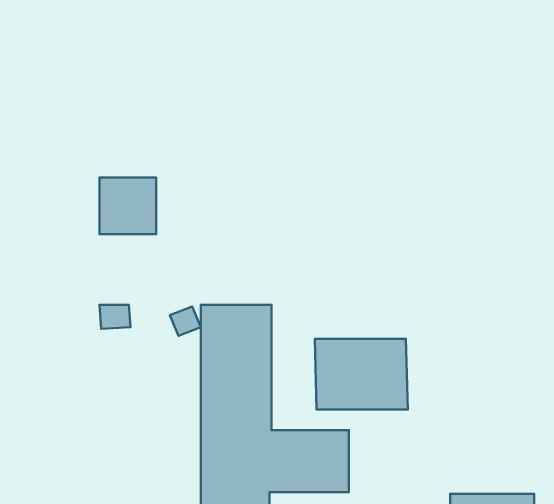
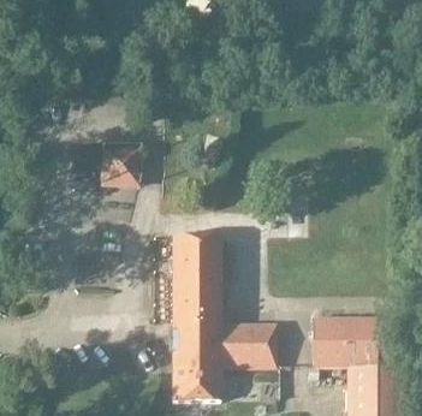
building: [315,339,408,409] -> [311,319,376,368]

